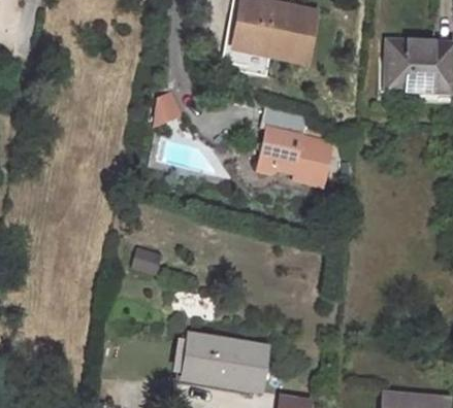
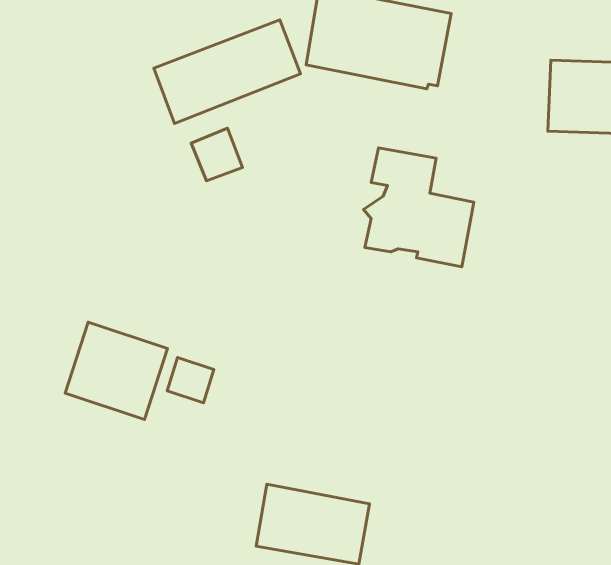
building: none -> [154,20,301,124]
building: none -> [65,322,167,419]

